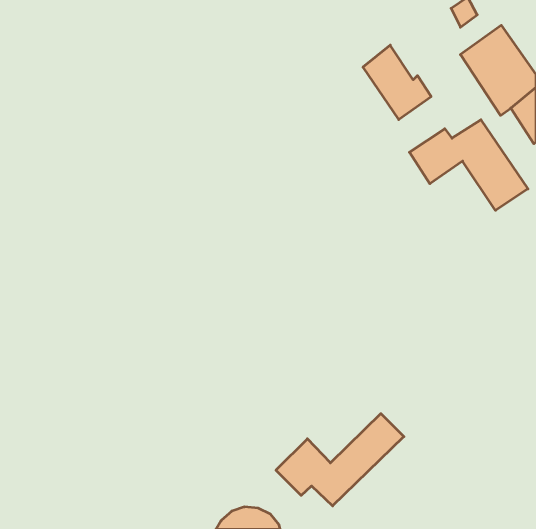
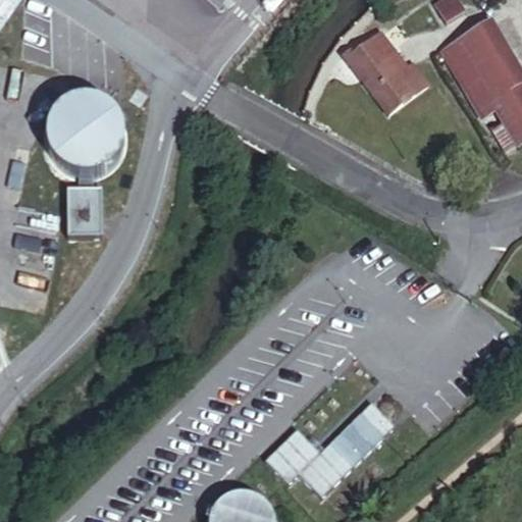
building: none -> [47,93,124,170]
building: [409,120,528,210] -> none
building: none -> [67,184,101,229]

